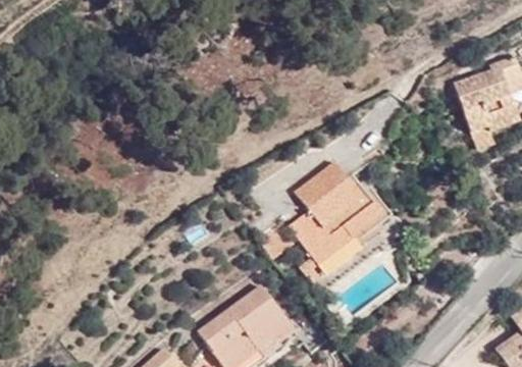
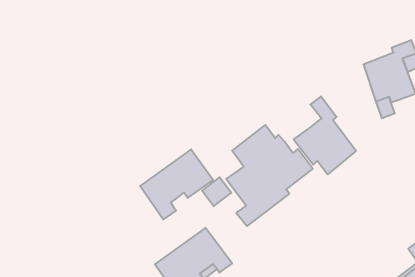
building: none -> [294,96,356,174]
building: none -> [140,149,213,220]

